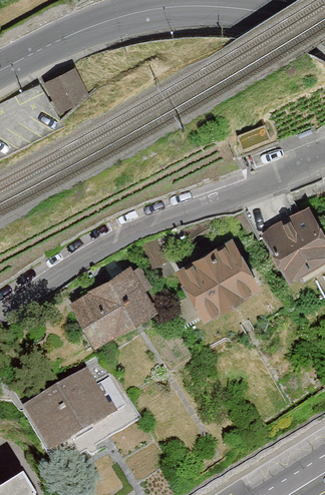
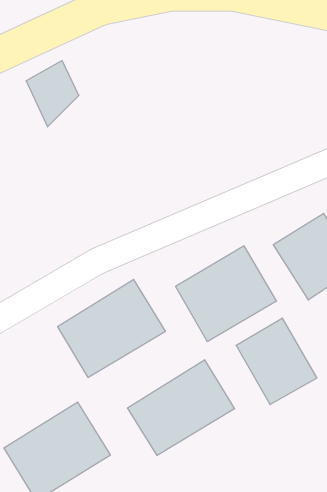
building: none -> [236,318,317,405]
building: none -> [128,360,235,455]

